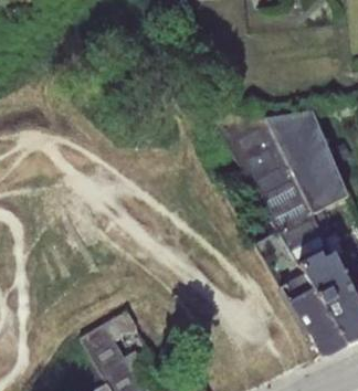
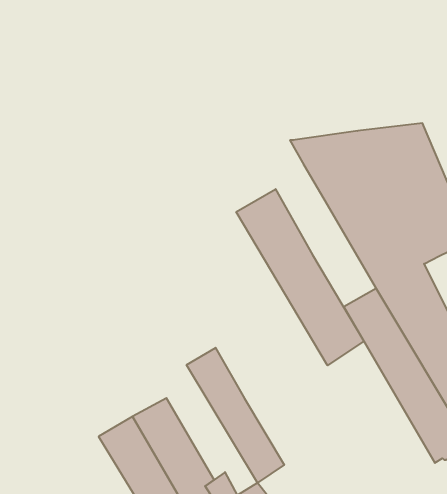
building: none -> [236,189,364,365]
building: none -> [187,348,284,483]

